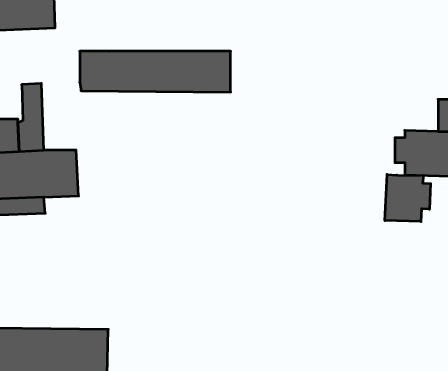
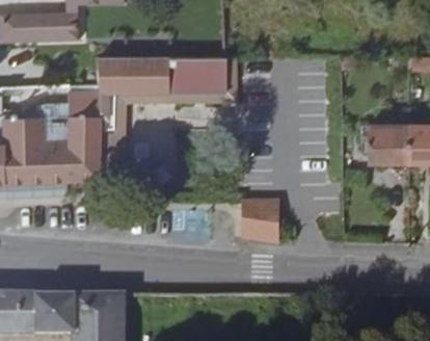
building: none -> [65,84,100,142]
building: [385,174,431,222] -> none
building: none -> [242,200,279,242]

